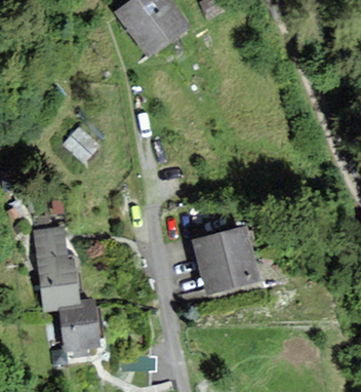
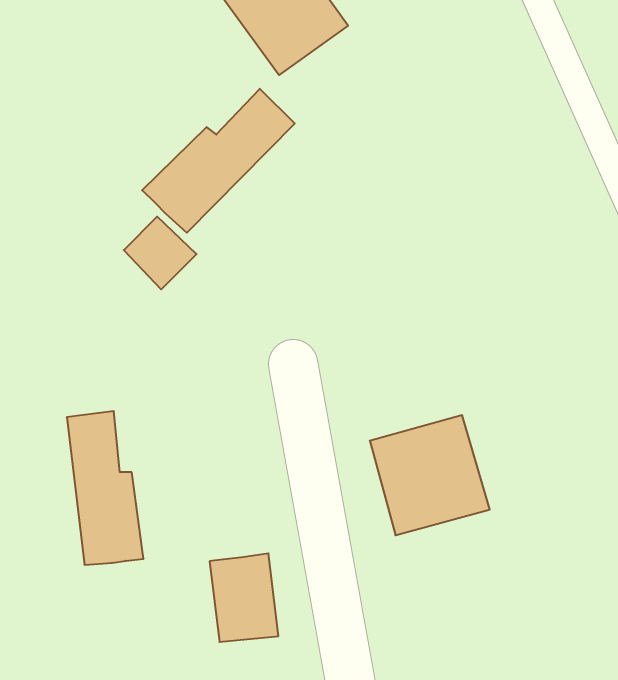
building: none -> [142,89,295,233]
building: [59,303,95,349] -> [210,553,278,642]

